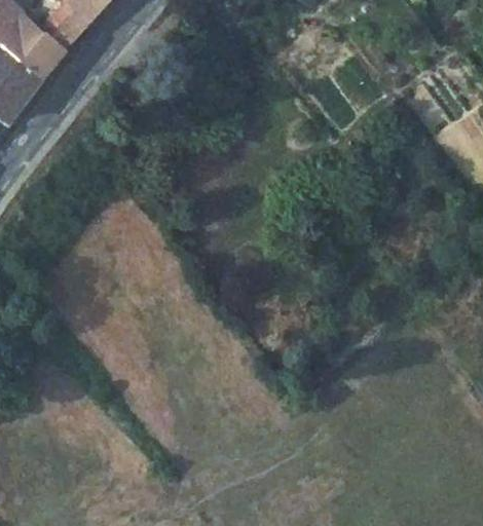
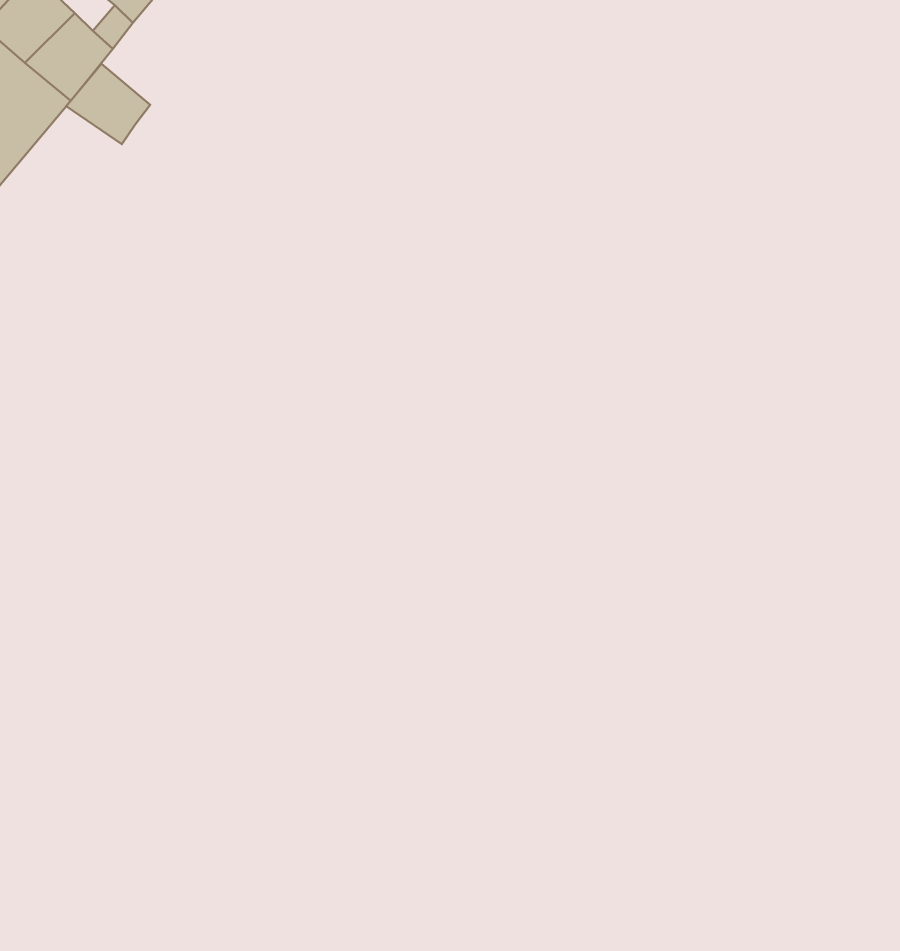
building: none -> [66,64,150,144]

